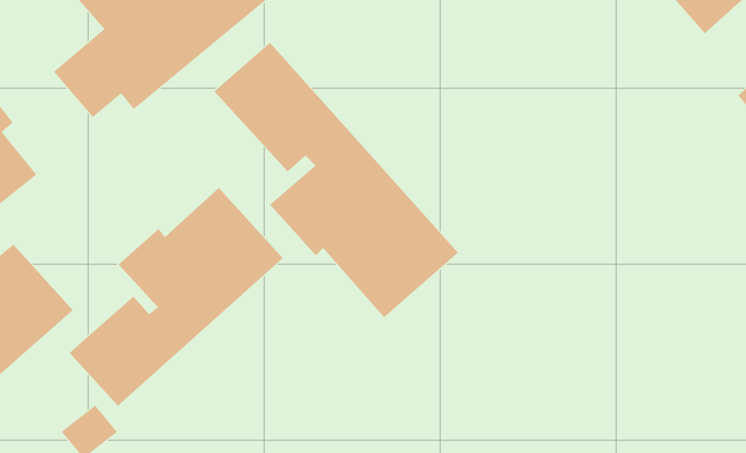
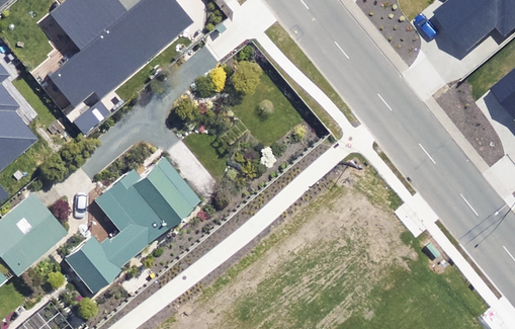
building: [214,42,459,318] -> none

